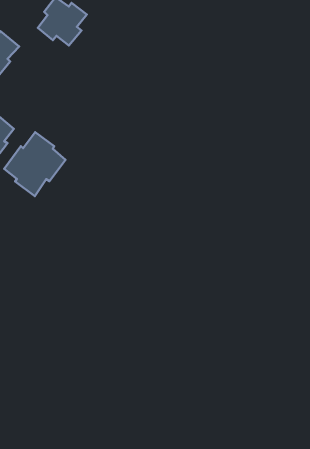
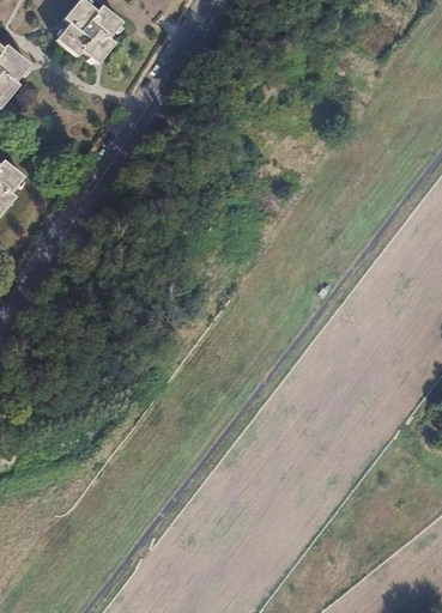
building: [4,132,66,196] -> none

